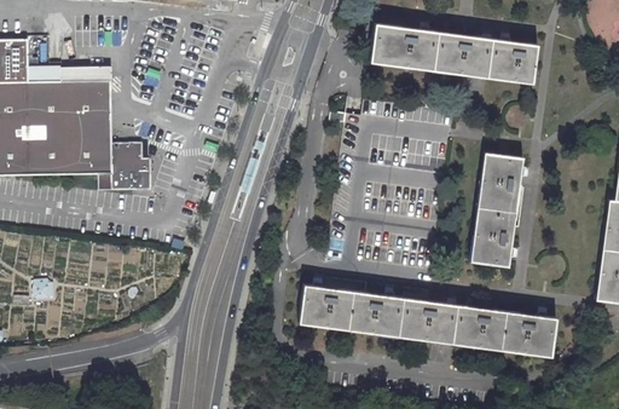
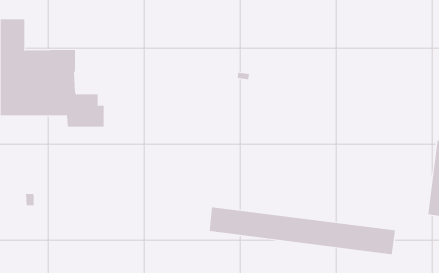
building: [364,30,534,83] -> none
building: [473,160,521,276] -> none

